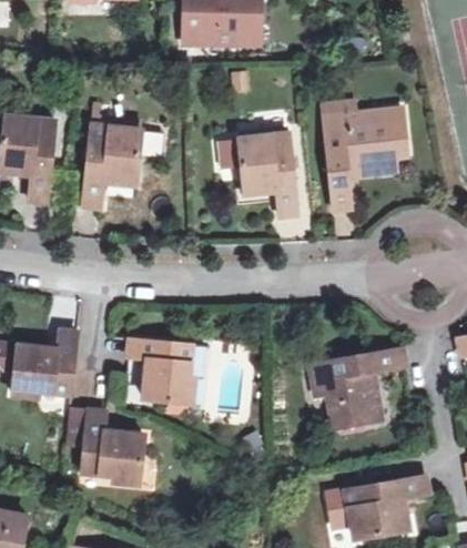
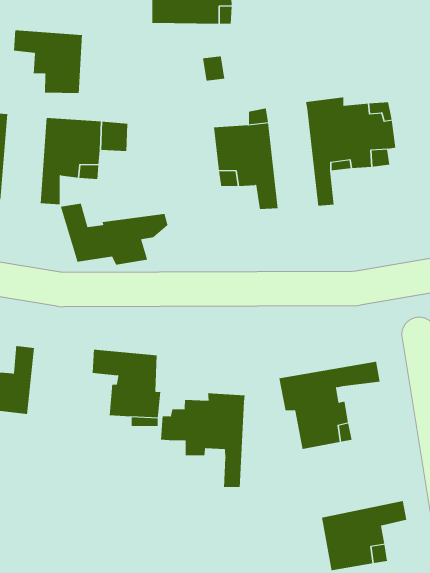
building: none -> [14,30,82,94]
building: none -> [60,203,168,265]
building: none -> [160,393,245,488]
building: [68,409,144,481] -> none

